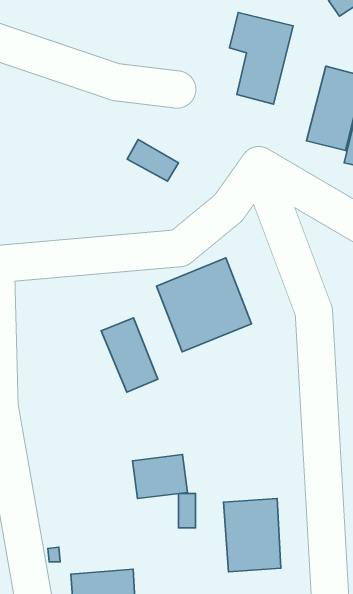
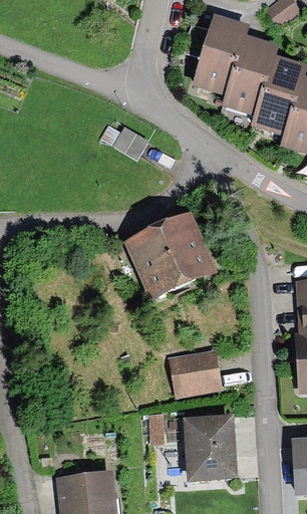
building: none -> [225,42,271,111]
building: [101,318,158,392] -> none
building: [132,455,187,499] -> [174,354,219,391]

